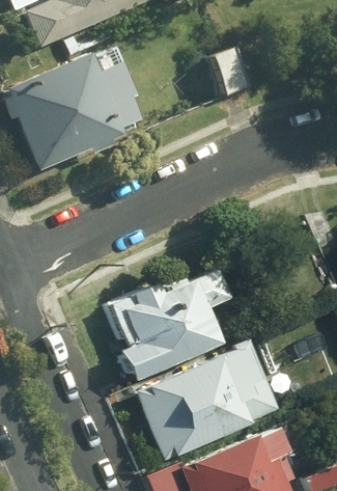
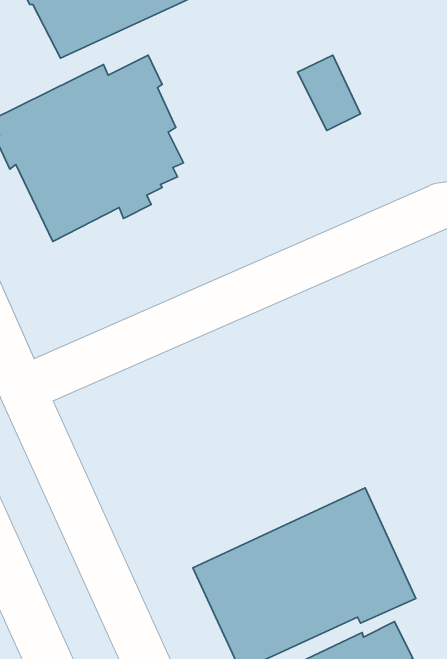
building: [108,270,219,382] -> none

